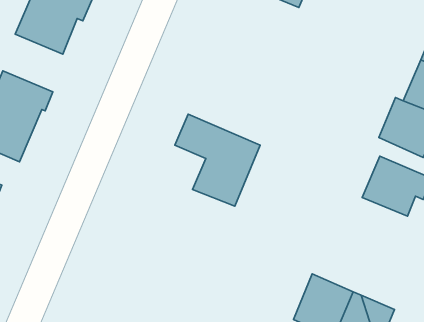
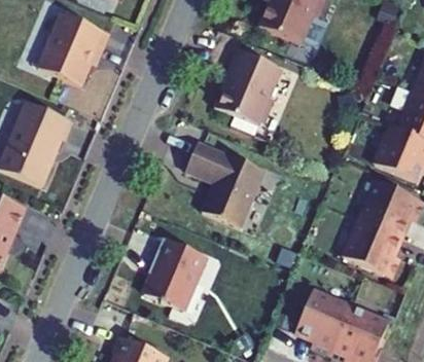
building: none -> [215,49,281,136]
building: none -> [344,218,401,277]
building: none -> [146,233,214,307]

